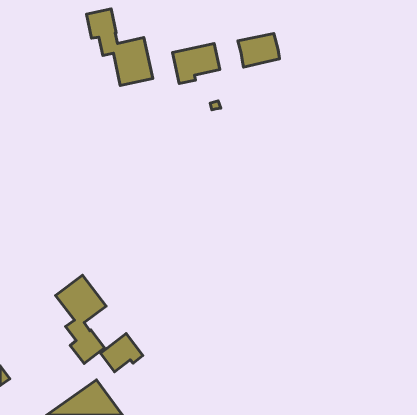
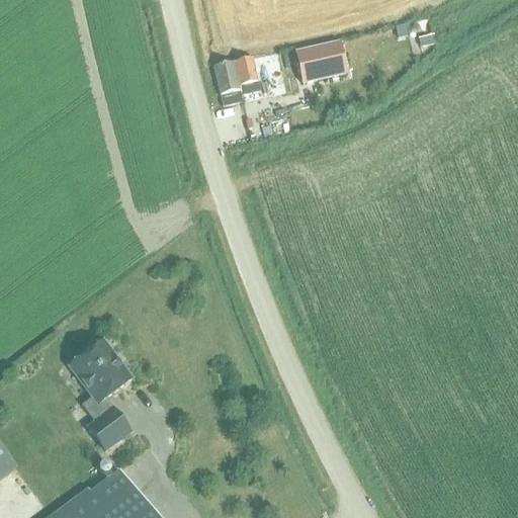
building: [86,9,153,86] -> none
building: [101,334,143,372] -> none

